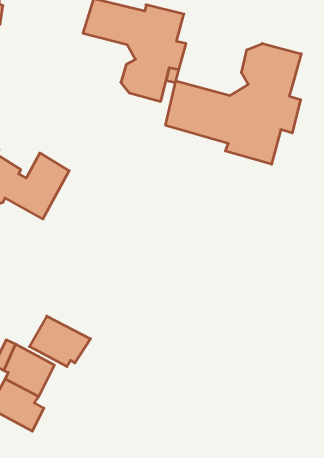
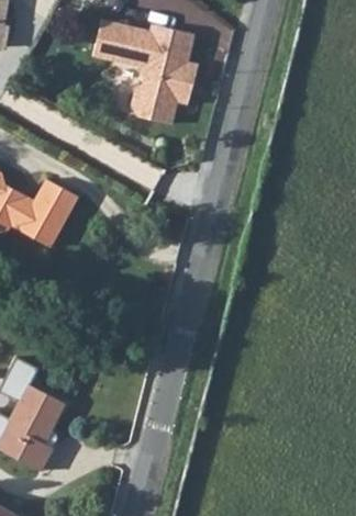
building: [166,43,301,164] -> none
building: [29,316,91,367] -> none

